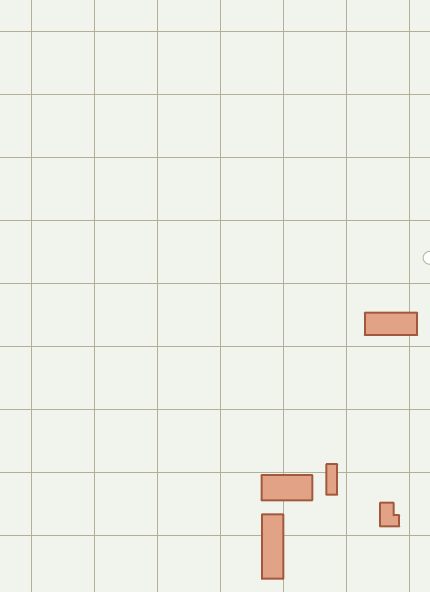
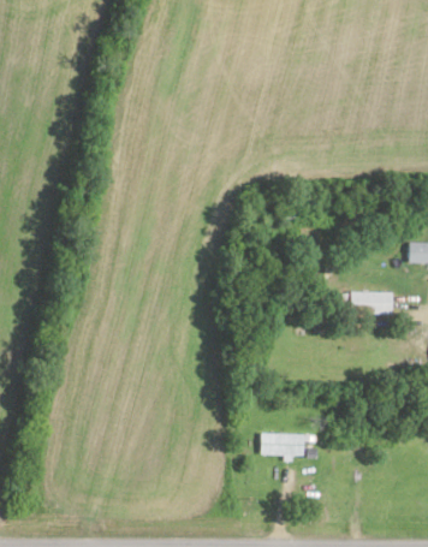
building: [262,514,283,579] -> none

